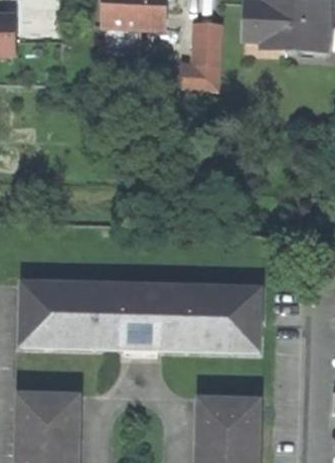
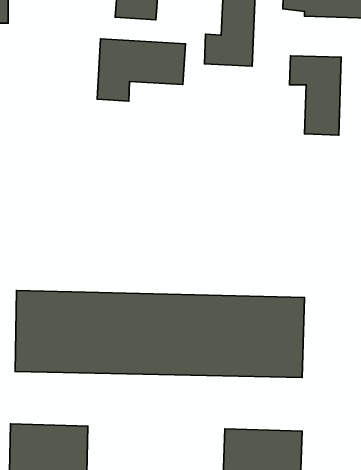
building: none -> [97,39,186,101]
building: none -> [290,56,341,135]

